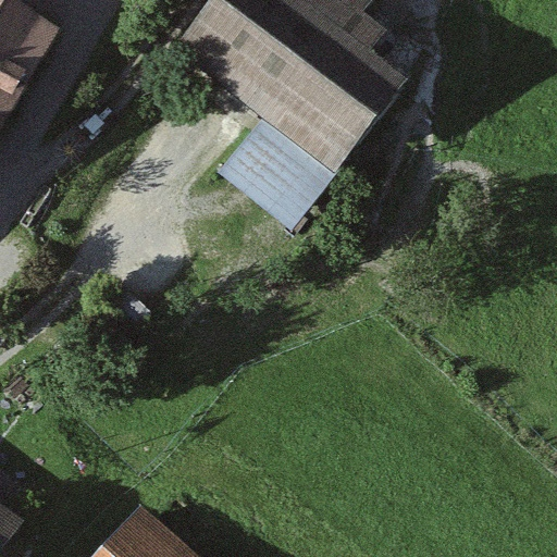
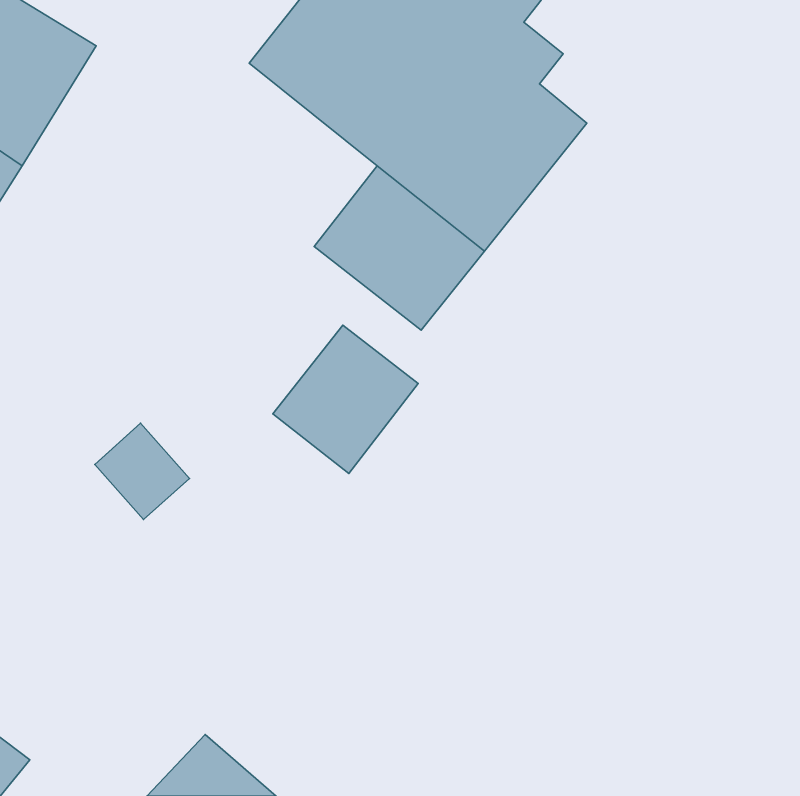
building: none -> [273,325,418,473]

